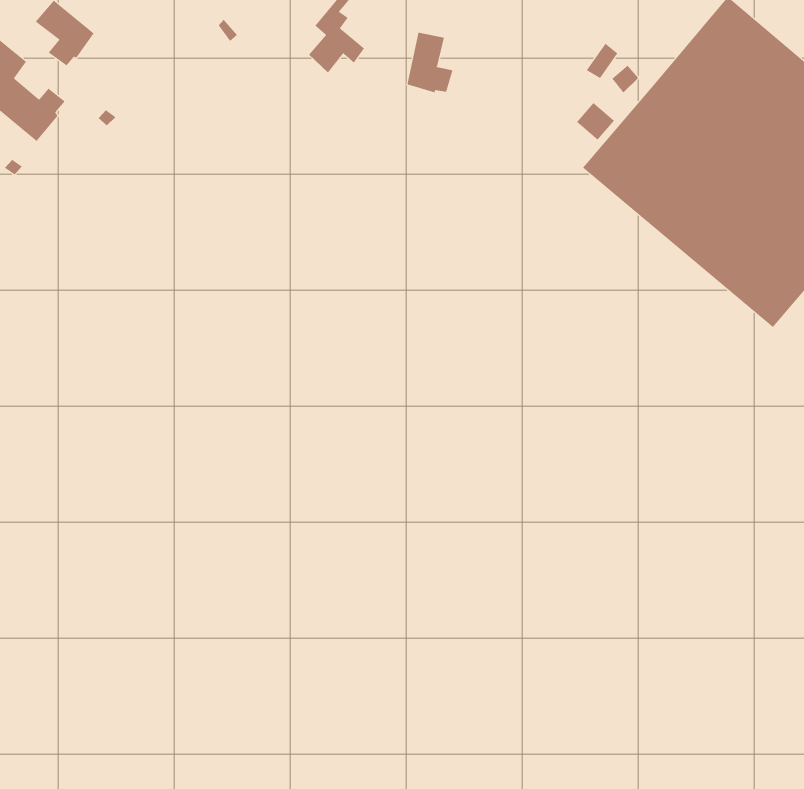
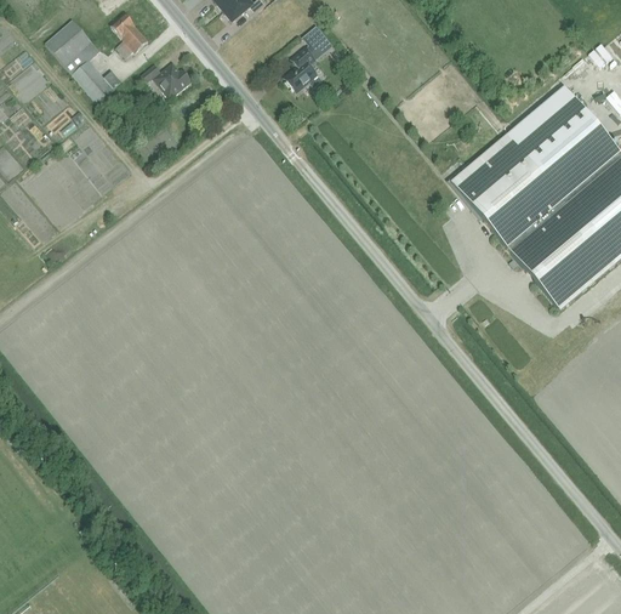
building: [407,32,453,93] -> none
building: none -> [142,61,192,98]

